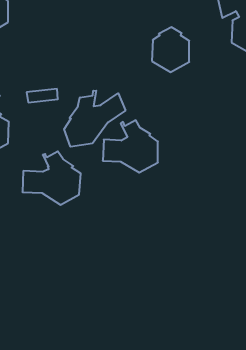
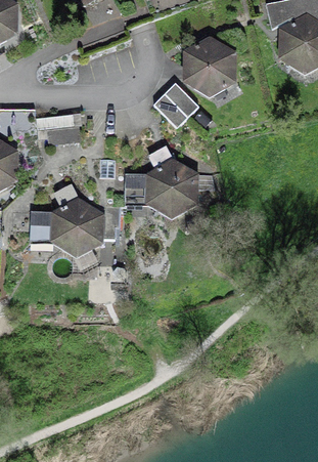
building: none -> [153,83,199,129]
building: [64,91,125,147] -> none

